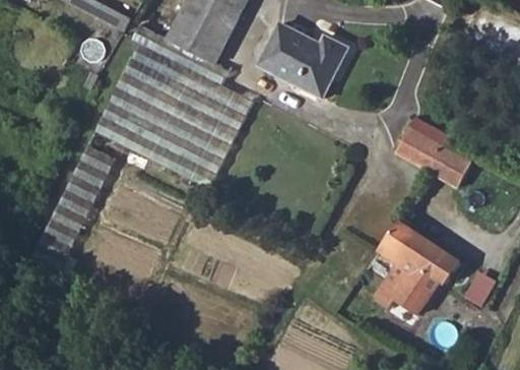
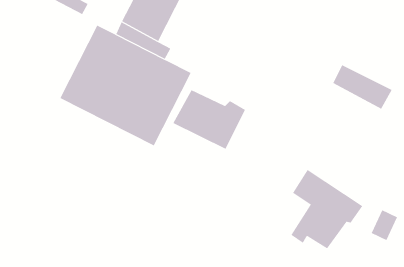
building: [258,24,346,97] -> [172,89,246,149]
building: [396,128,468,182] -> [332,65,392,109]
building: [34,139,121,268] -> none

